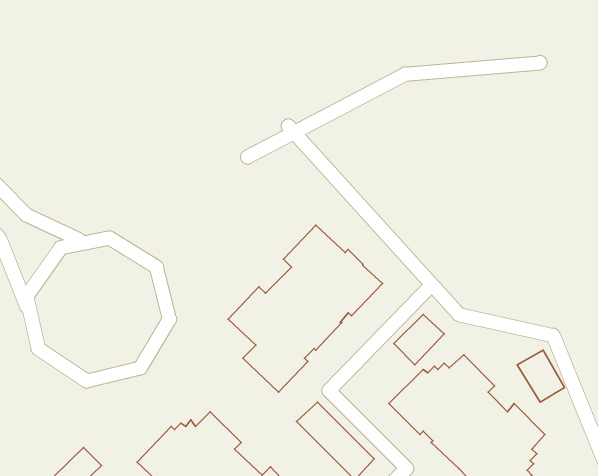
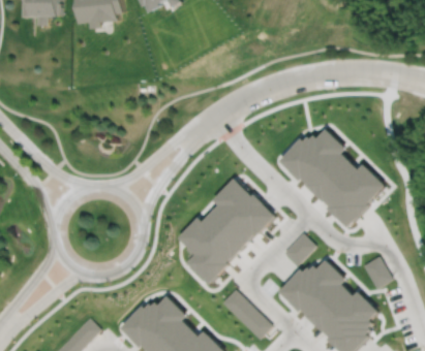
building: none -> [280,127,387,225]

